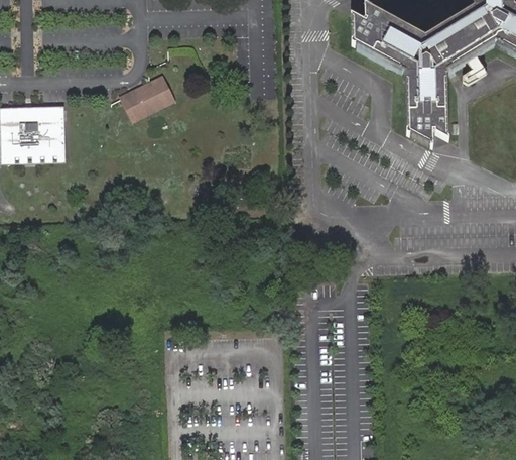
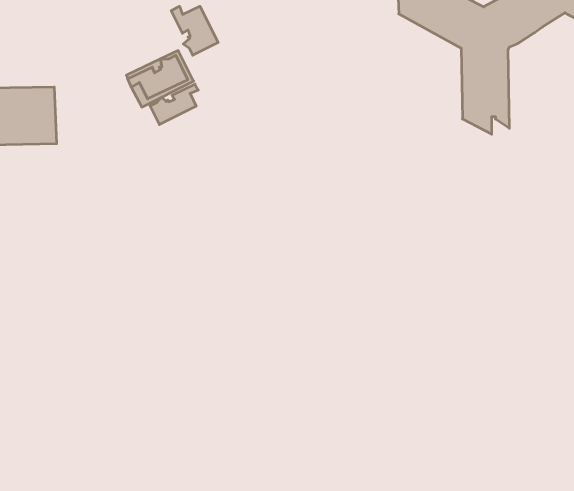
building: none -> [171,6,218,55]
building: none -> [150,84,198,125]

